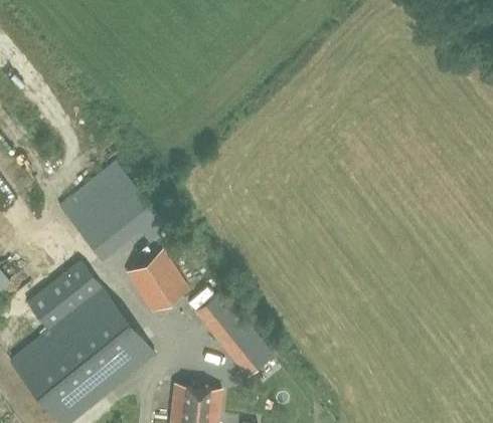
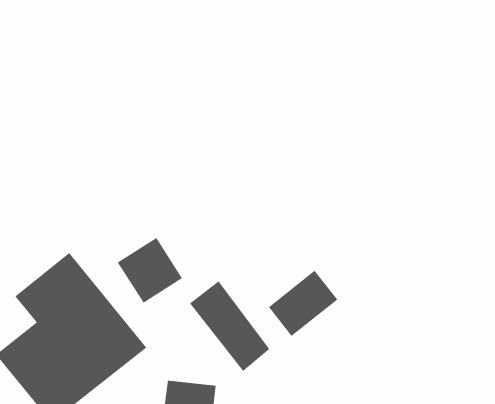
building: [58,156,170,258] -> none
building: none -> [268,270,338,337]

